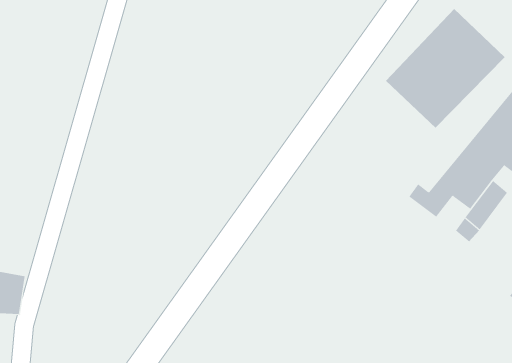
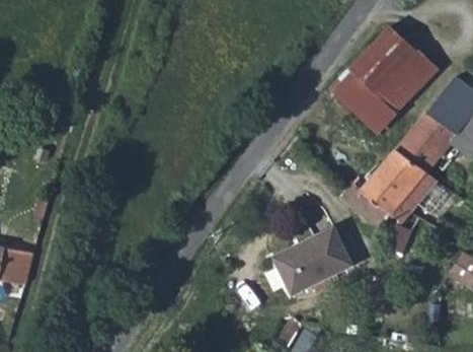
building: none -> [264,237,338,301]

